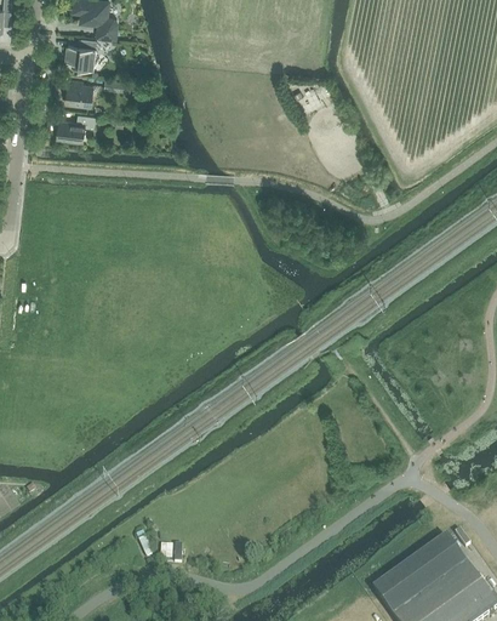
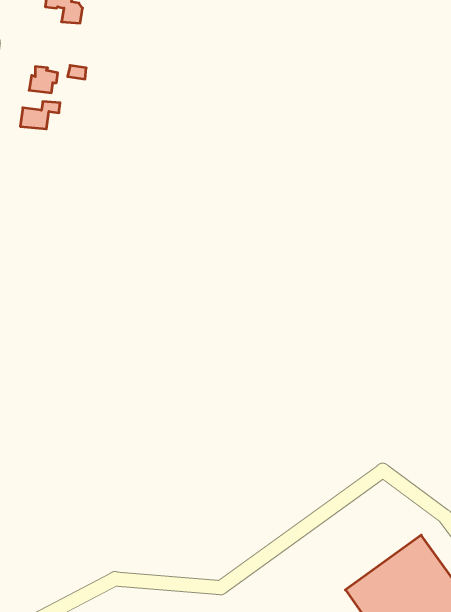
building: [65,38,96,70] -> none

